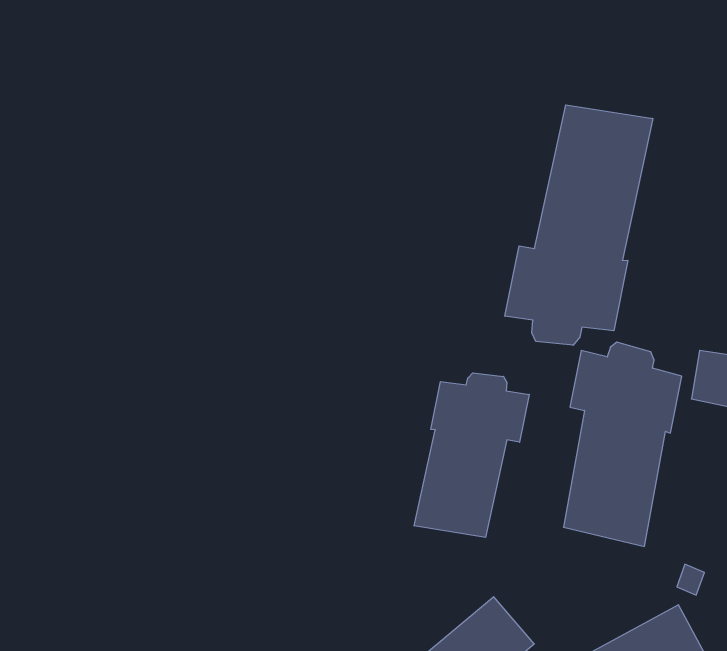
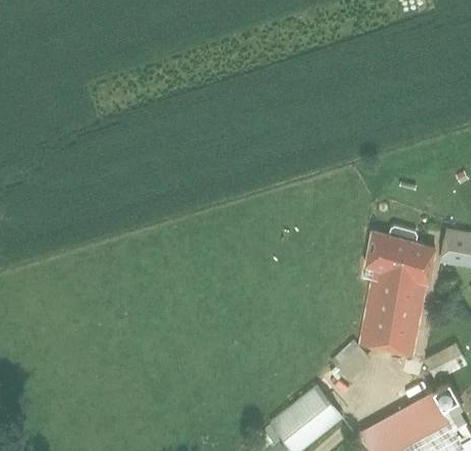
building: [505,105,653,345] -> none
building: [414,373,529,537] -> none

